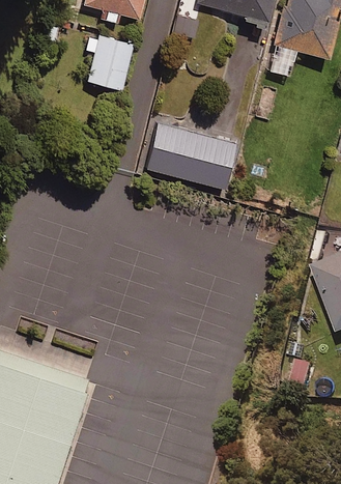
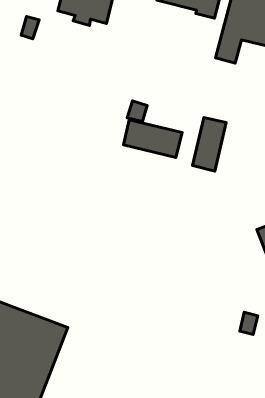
building: [86,40,134,98] -> none
building: none -> [193,117,226,171]

